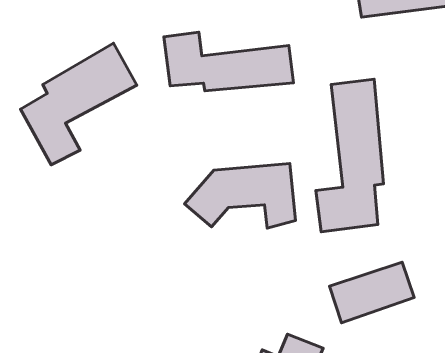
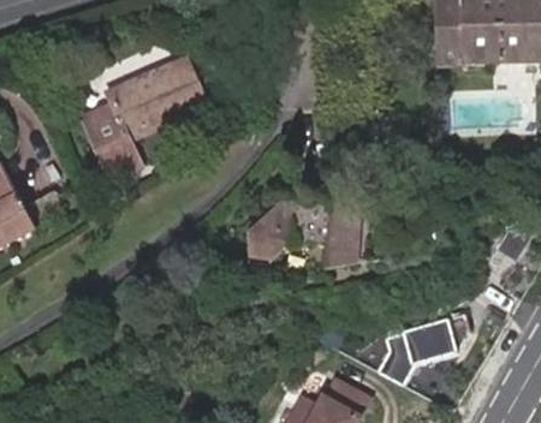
building: [164,32,294,91] -> none
building: [316,79,383,232] -> none

